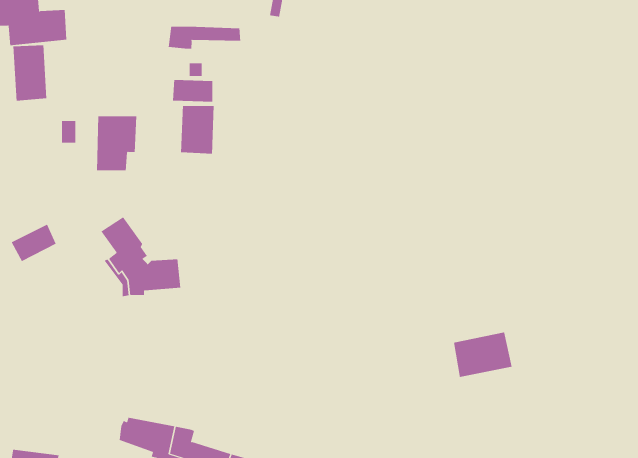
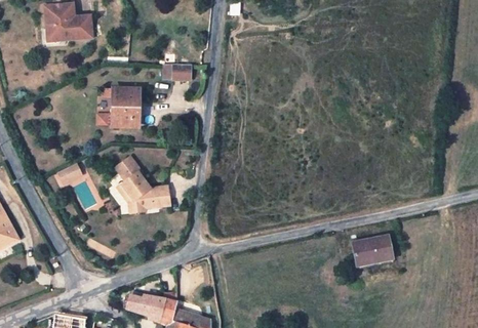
building: [168,26,241,49] -> none
building: [13,45,47,102] -> none
building: [180,105,214,154] -> none

